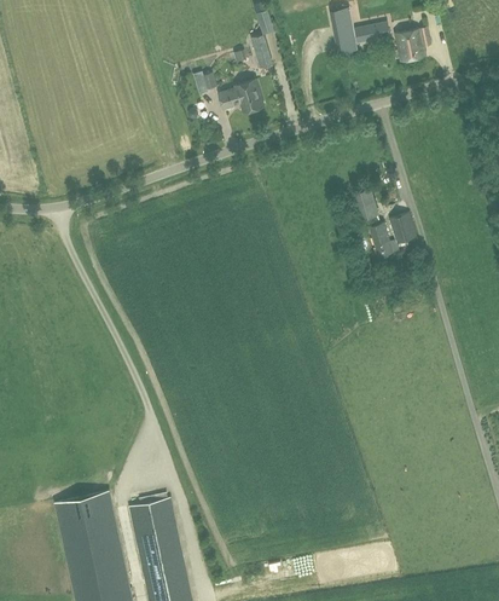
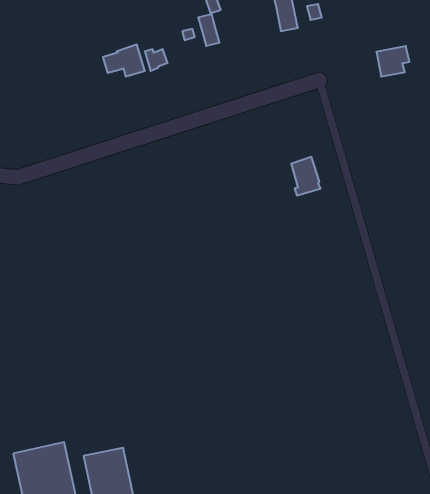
building: [395,28,430,60] -> [376,46,409,77]
building: [219,79,263,112] -> [103,45,145,76]
building: [370,212,417,256] -> none

